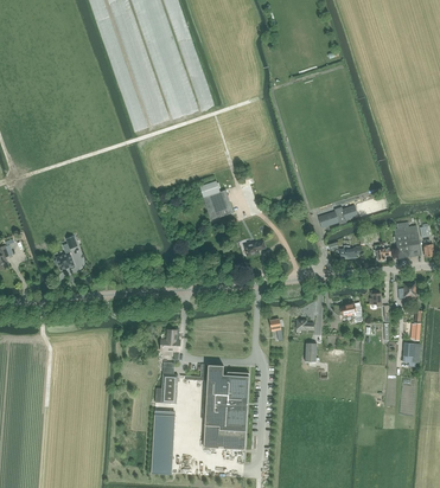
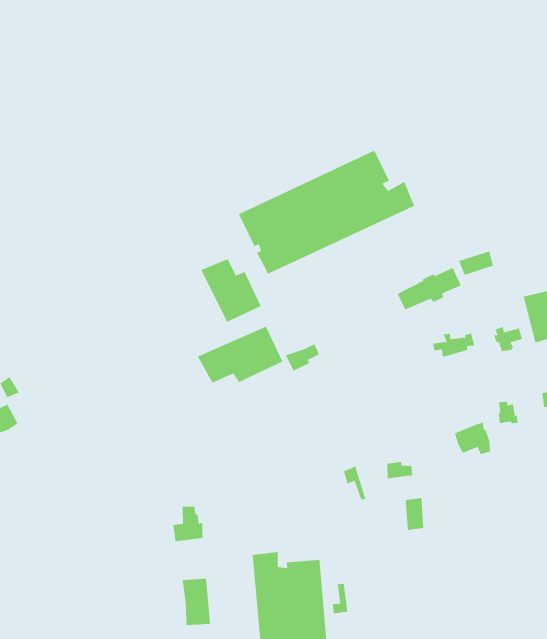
building: none -> [238,150,415,275]
building: none -> [197,326,283,384]

